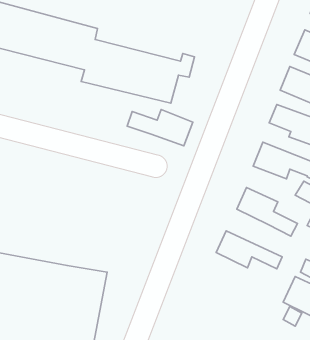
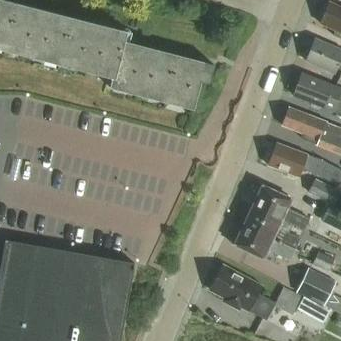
building: [127,110,193,146] -> none
building: none -> [244,205,301,249]
building: none -> [210,265,300,319]

